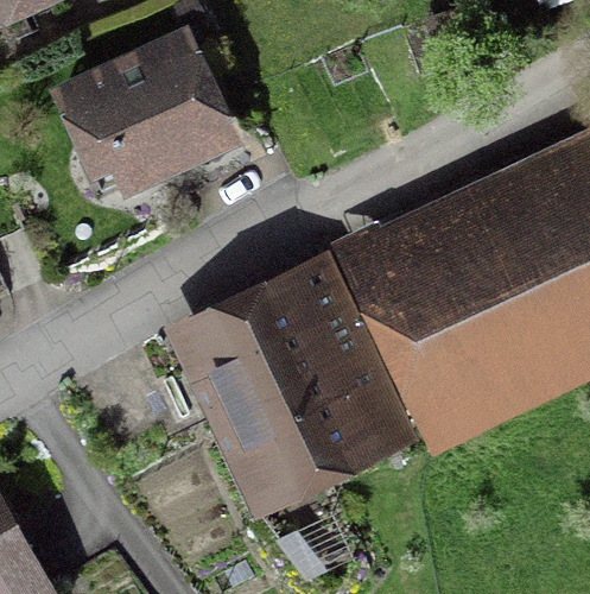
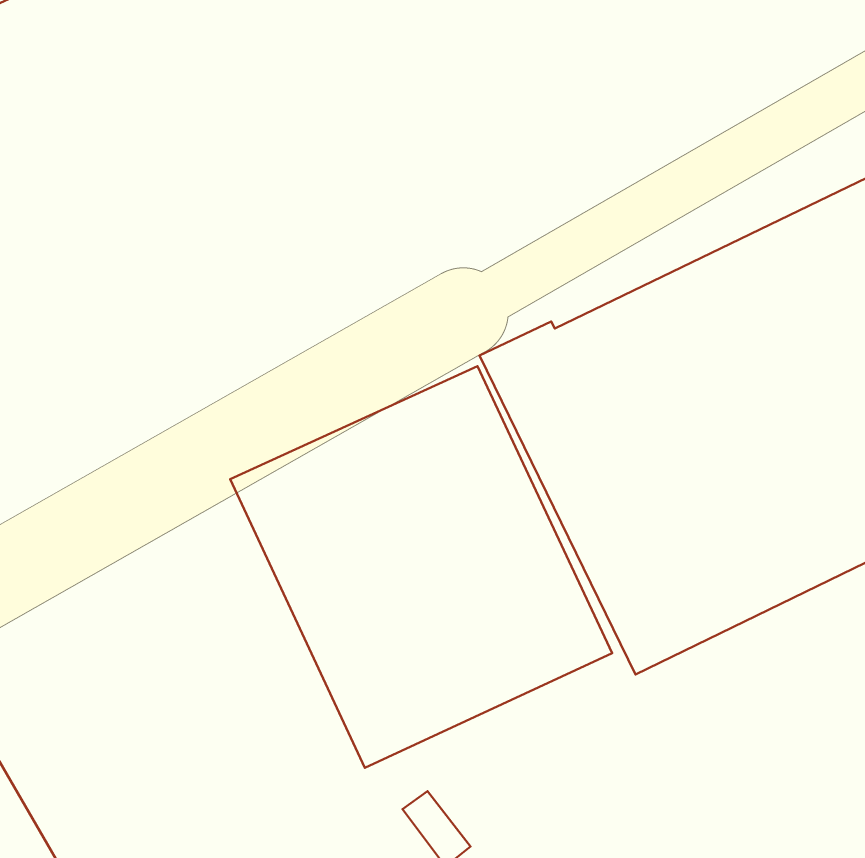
building: [49,25,242,200] -> none

